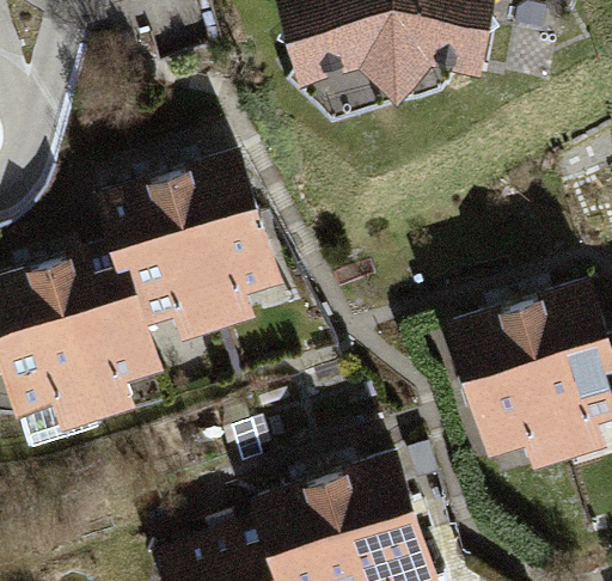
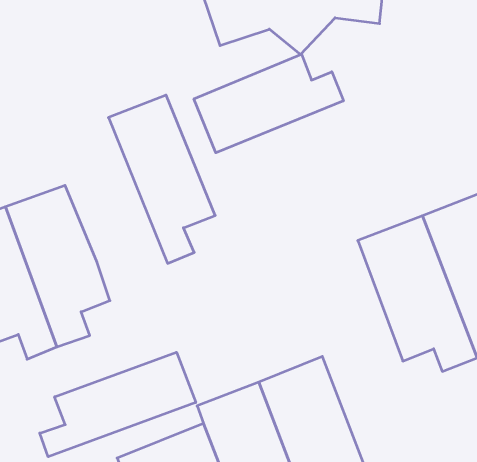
building: none -> [194,54,343,153]
building: [98,164,226,348] -> none
building: none -> [40,352,196,457]

